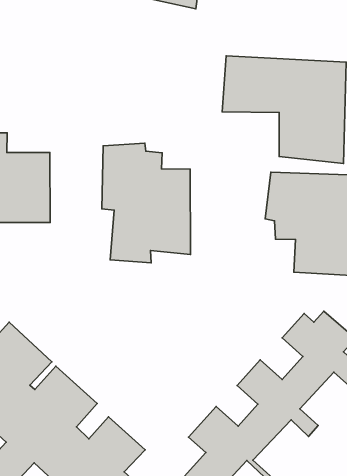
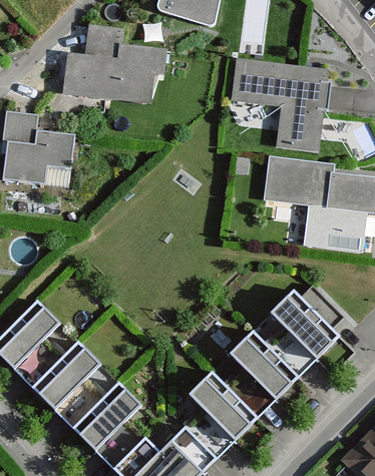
building: none -> [63,21,166,97]
building: [102,143,190,263] -> none

